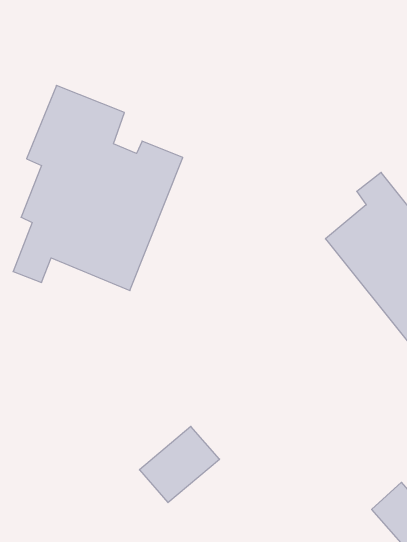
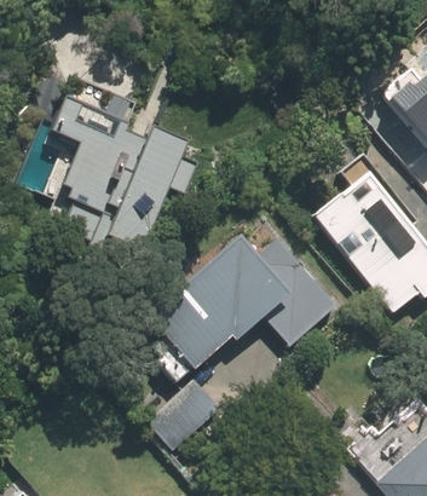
building: none -> [150,236,335,380]

